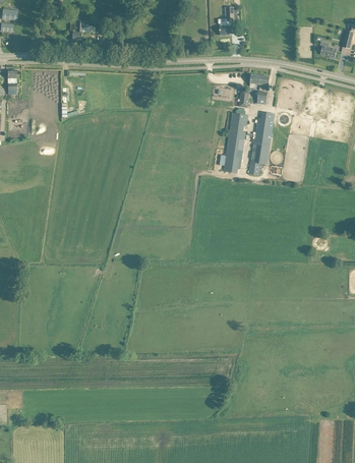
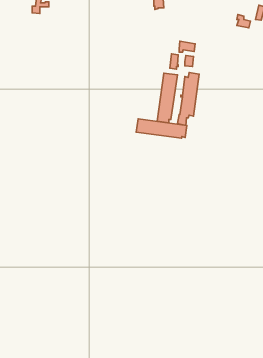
building: none -> [136,119,187,138]

